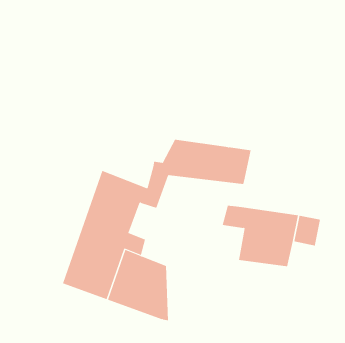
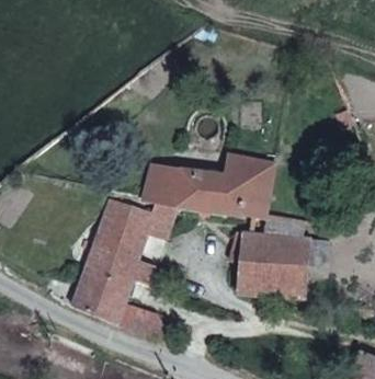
building: none -> [231,153,280,211]

